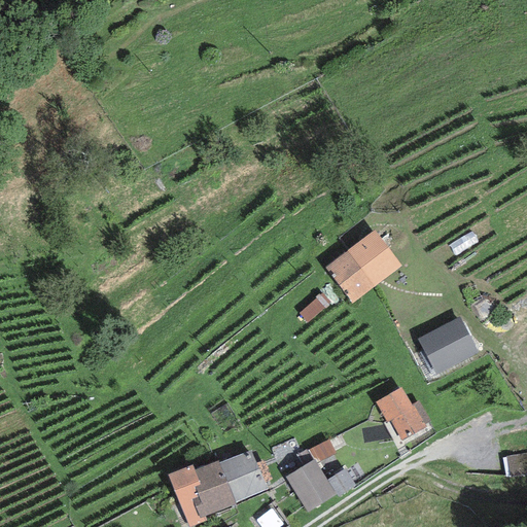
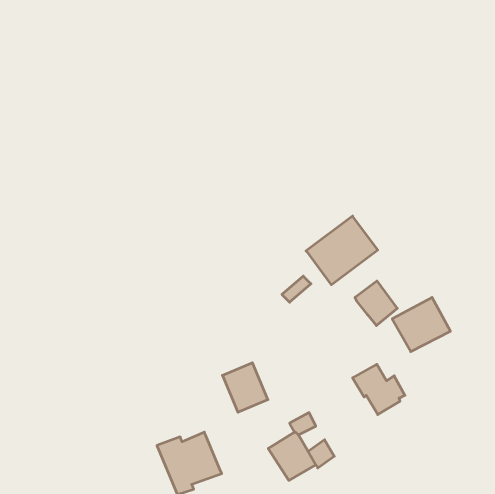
building: none -> [355,281,397,326]
building: [218,449,267,501] -> [222,363,268,412]

